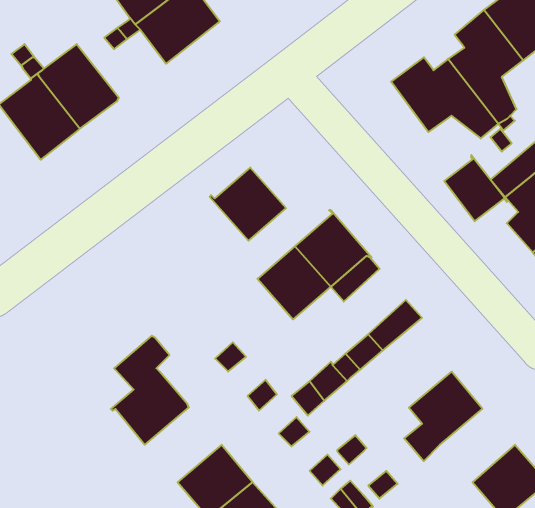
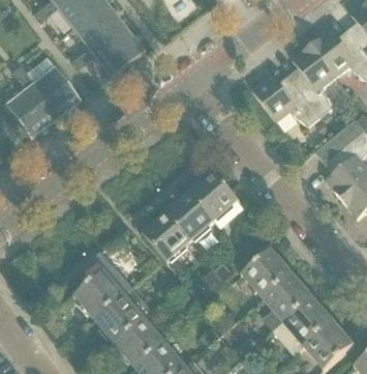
building: [444,155,507,221] -> none
building: [210,167,286,241] -> [143,214,191,261]
building: none -> [244,248,292,296]
building: none -> [97,287,154,344]
building: none -> [276,297,332,351]

